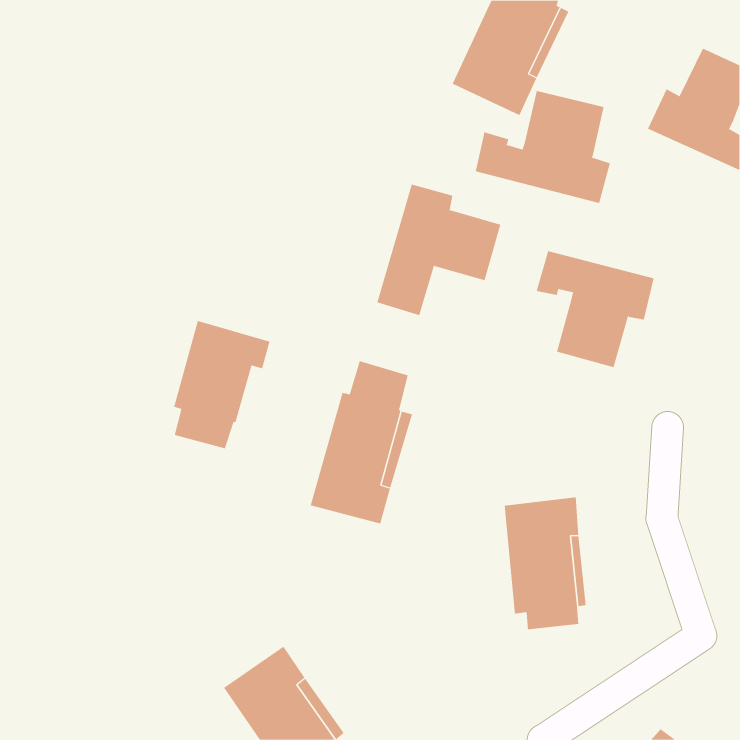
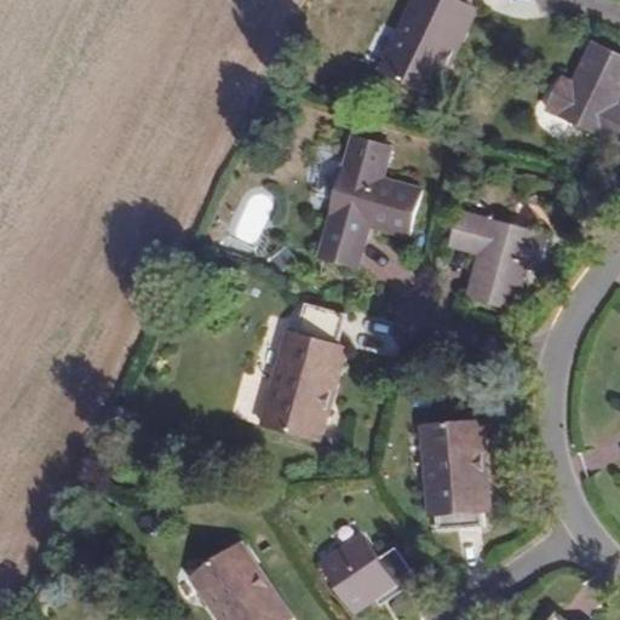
building: [475,90,611,204] -> none
building: [174,320,270,449] -> none
building: none -> [317,533,412,609]

